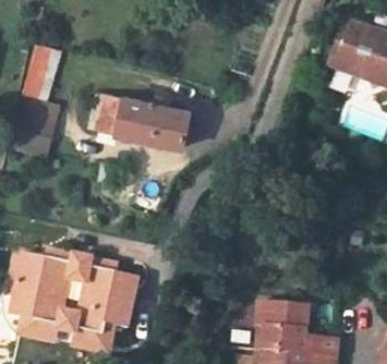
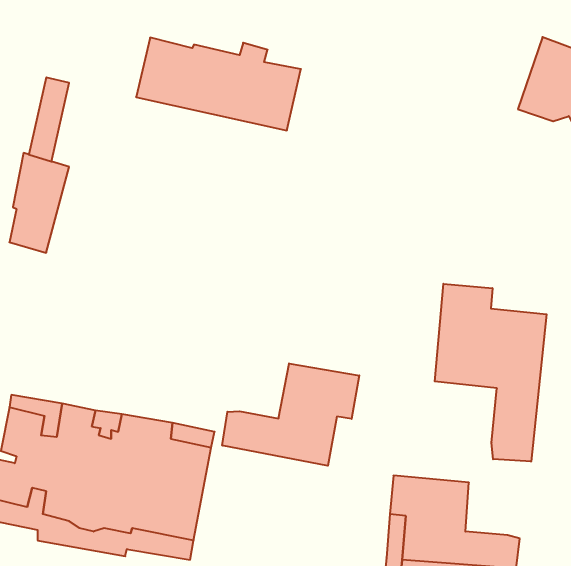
building: [90,93,193,150] -> [136,38,301,130]
building: none -> [435,284,547,462]
building: none -> [222,363,359,466]

